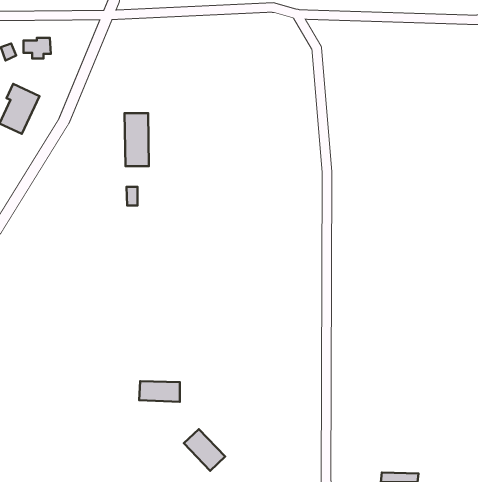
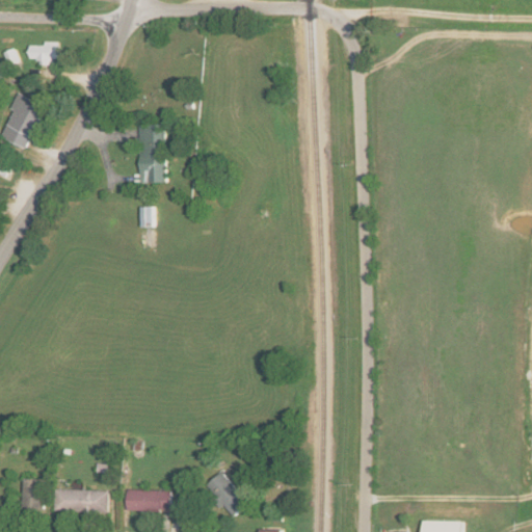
building: [139,381,180,402] -> [125,489,169,512]
building: none -> [21,479,44,514]
building: none -> [53,489,107,513]

